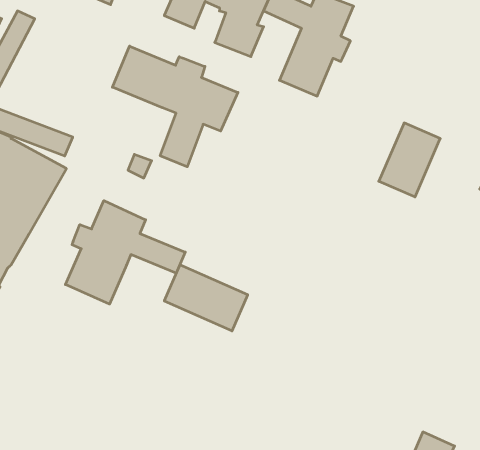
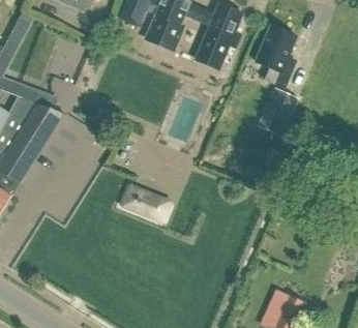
building: none -> [255,24,297,88]
building: [112,46,238,167] -> none
building: [65,201,185,304] -> none

